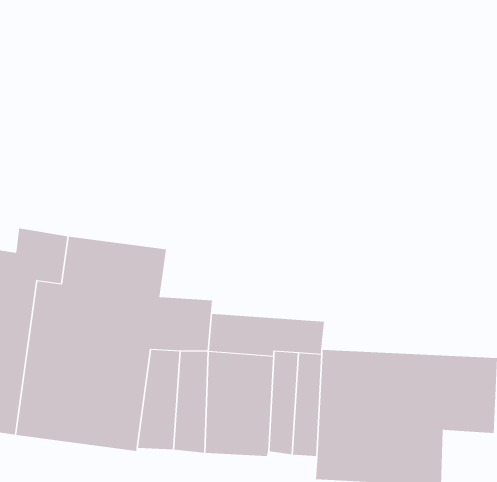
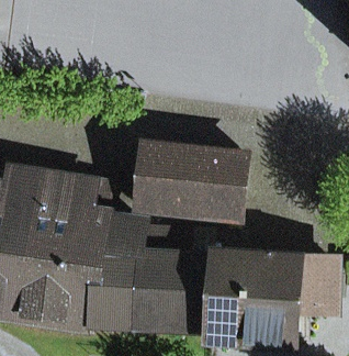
building: none -> [139,147,248,221]

